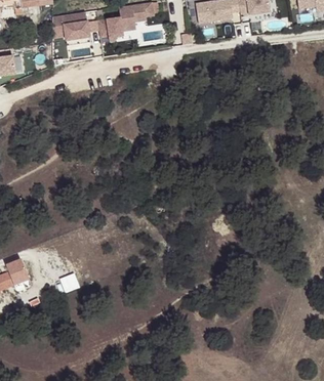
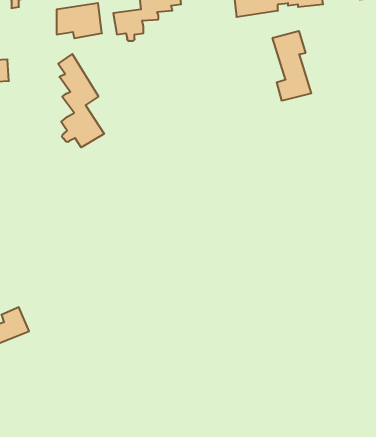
building: none -> [273,31,311,101]
building: none -> [58,54,104,147]

